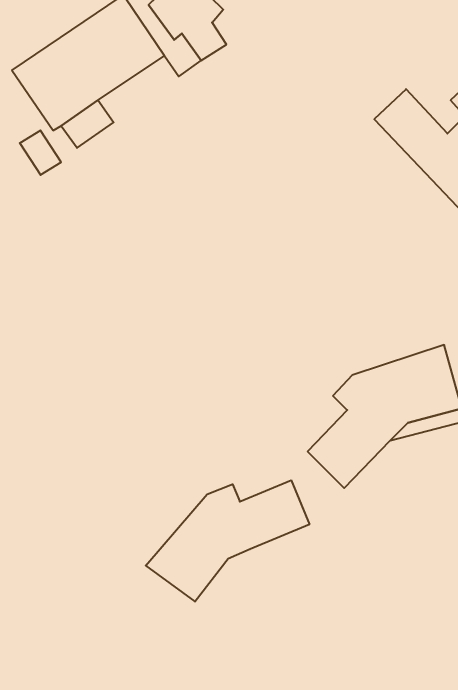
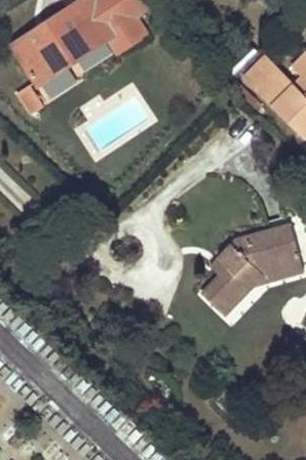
building: [146,480,309,602] -> none

